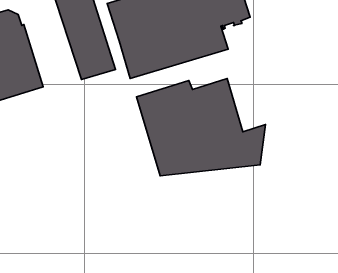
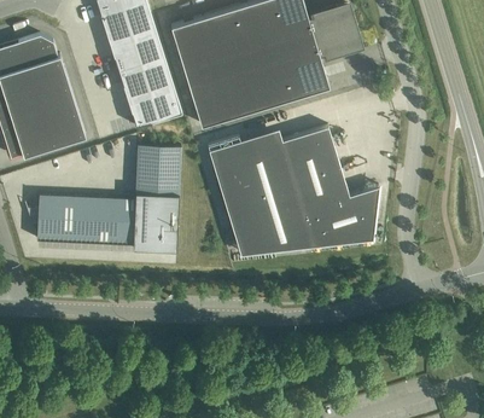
building: none -> [36,145,181,252]

